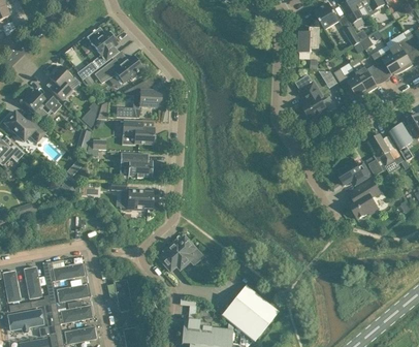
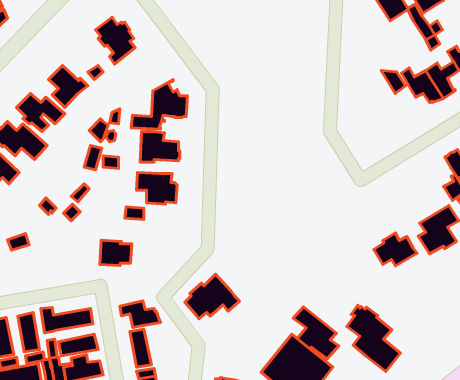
building: [299,28,320,53] -> none
building: [94,54,142,83] -> none
building: [299,81,335,119] -> none
building: [336,158,372,185] -> [374,233,417,266]
building: [127,188,153,209] -> [100,240,132,266]
building: none -> [120,301,160,327]
building: none -> [347,305,401,372]
building: none -> [293,307,339,359]

